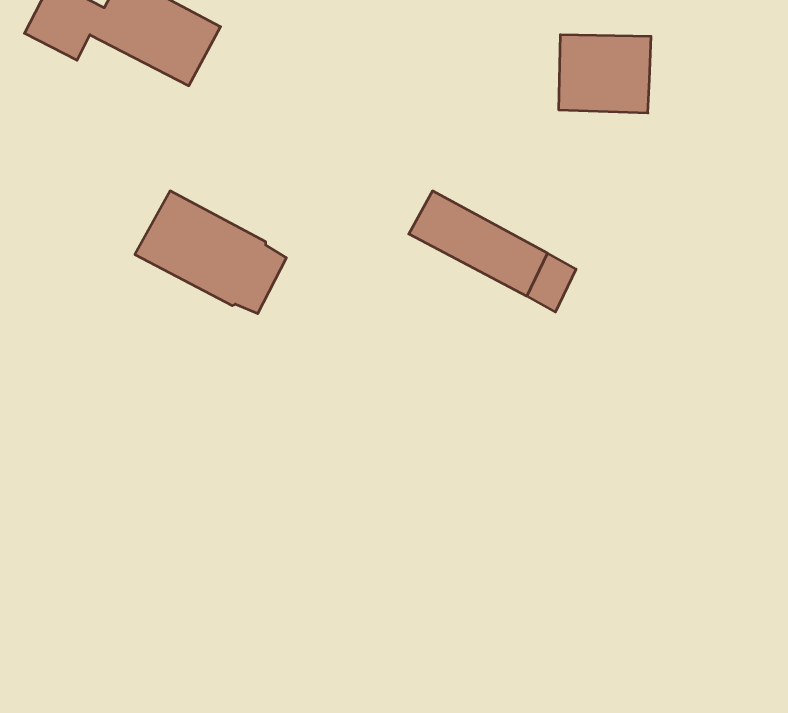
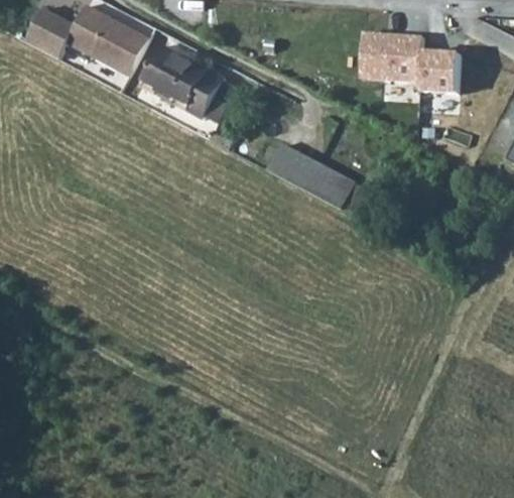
building: none -> [415,67,457,106]
building: [135,191,286,314] -> [138,38,234,116]

